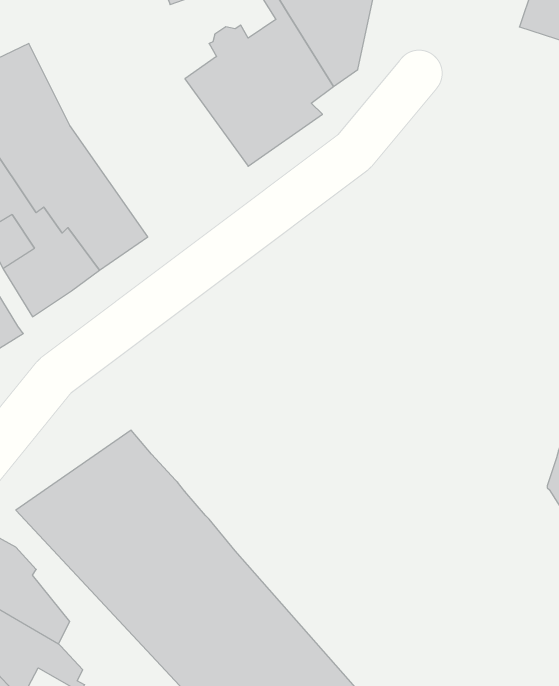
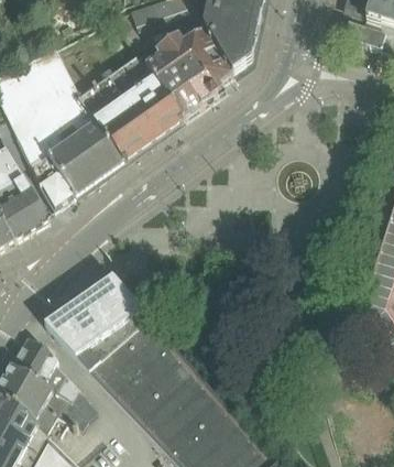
building: none -> [78,54,184,161]

